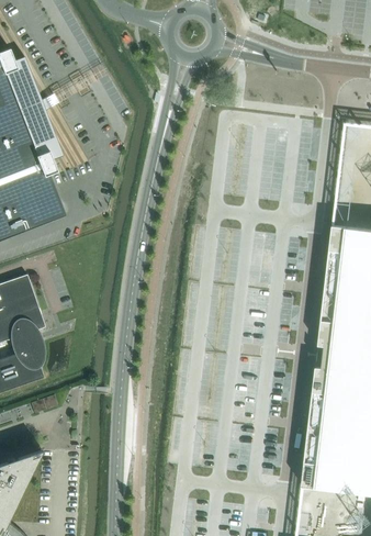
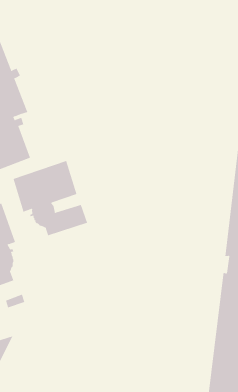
building: none -> [13,160,88,236]

